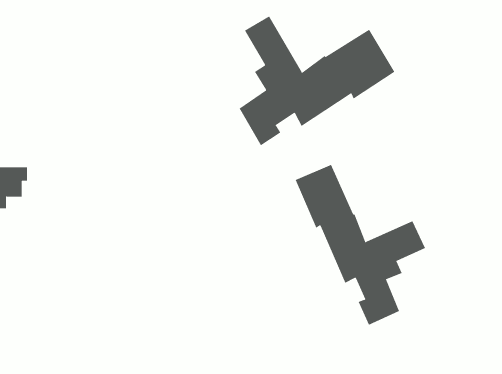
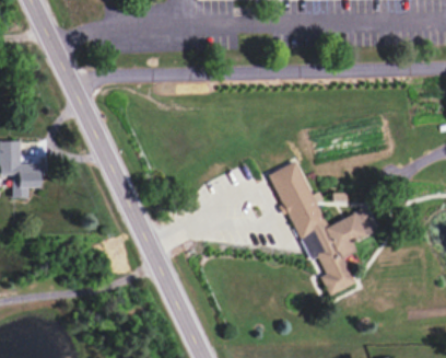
building: [239,15,395,146] -> none

